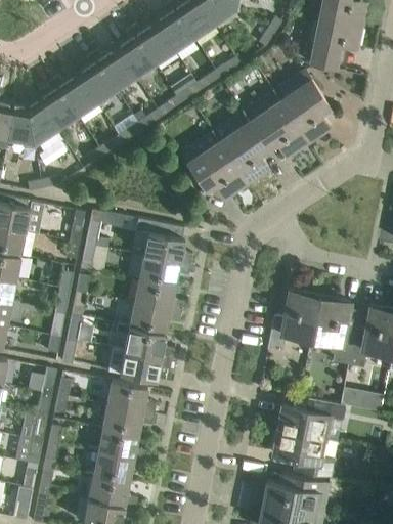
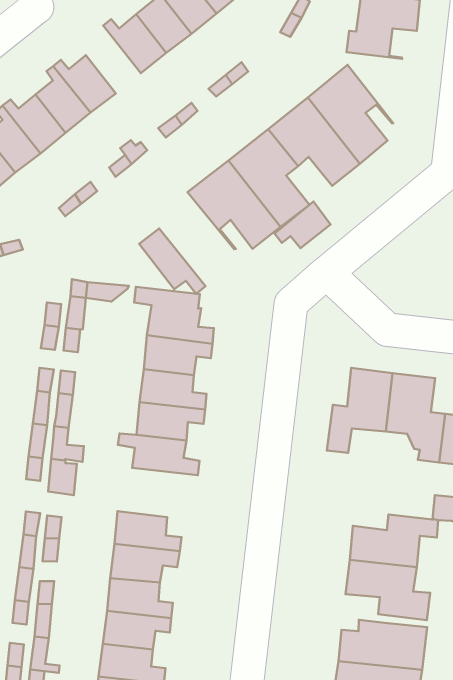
building: [116,28,155,78] -> none
building: none -> [274,202,330,248]
building: none -> [139,228,206,294]
building: [108,348,172,381] -> none

